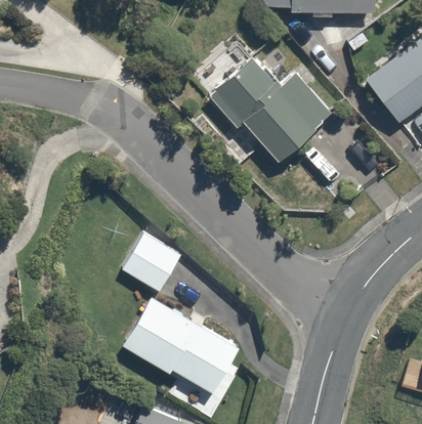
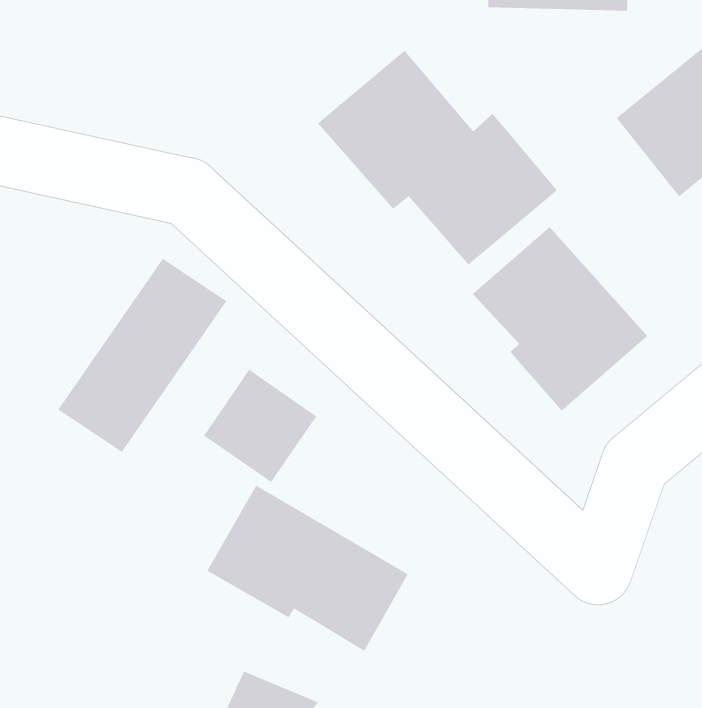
building: none -> [472,226,648,412]
building: none -> [58,258,227,453]

